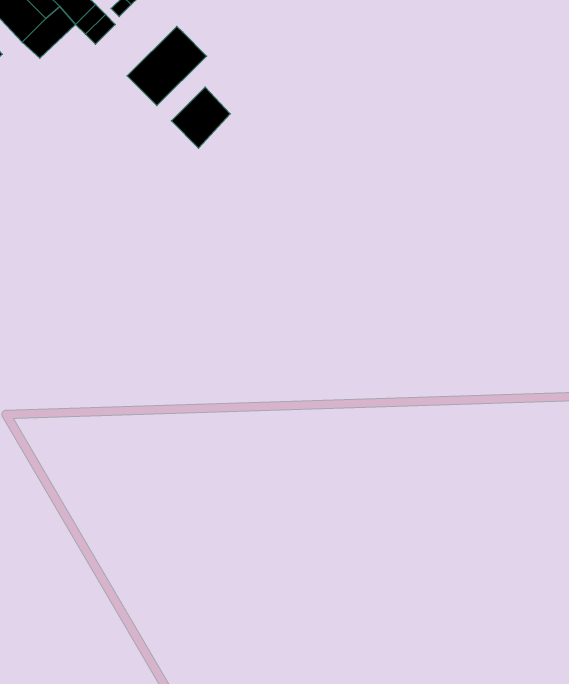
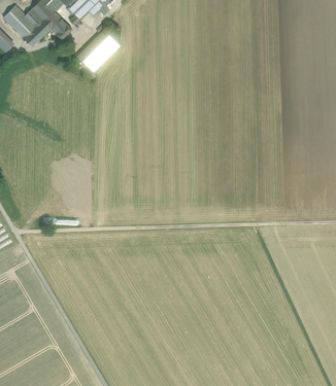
building: [171,87,230,148] -> none

